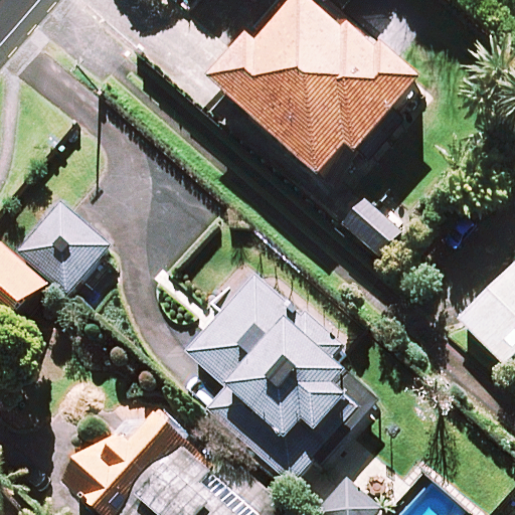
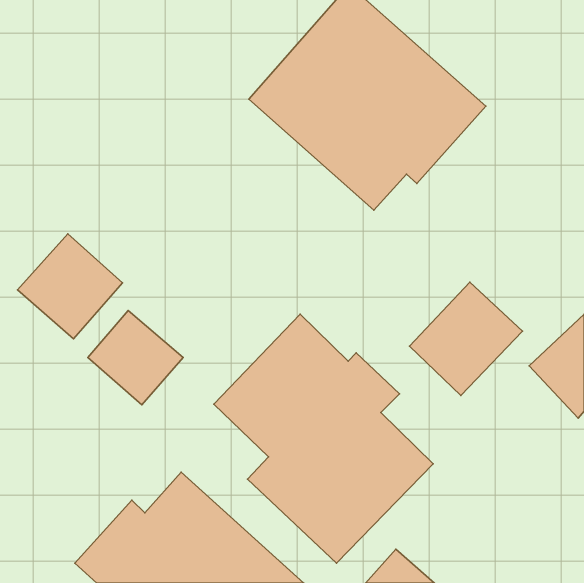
building: none -> [410,282,522,395]
building: none -> [88,310,183,405]

